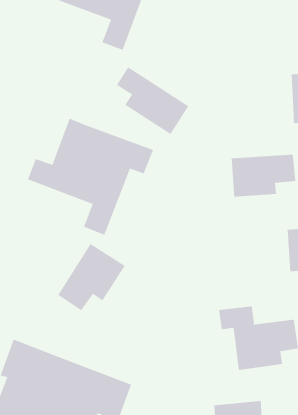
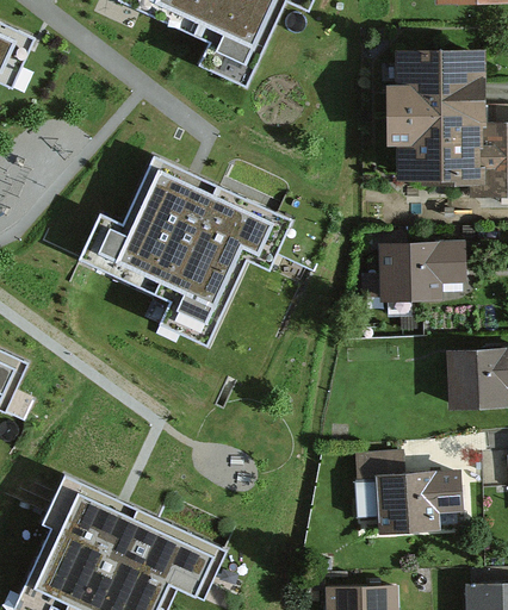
building: none -> [392,58,473,188]
building: [116,67,189,135] -> none
building: [57,243,125,311] -> none

